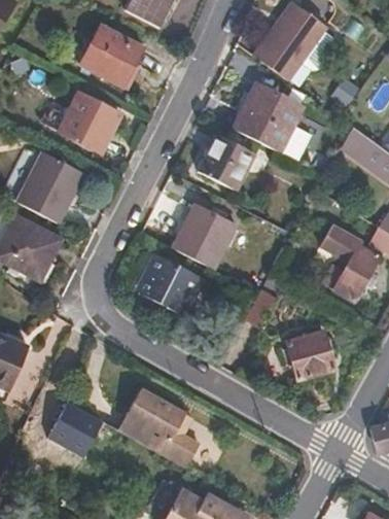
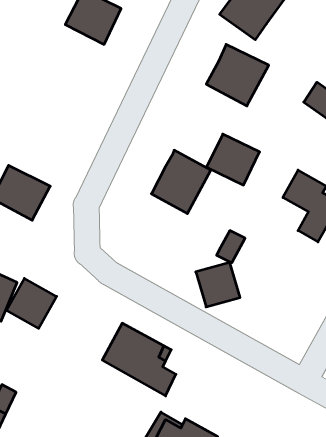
building: [58,93,118,153] -> none
building: [194,135,252,191] -> [207,134,260,185]
building: [20,152,84,223] -> none
building: [144,257,205,316] -> none
building: [284,330,332,378] -> [196,262,240,307]
building: [49,402,104,456] -> [6,278,57,328]

